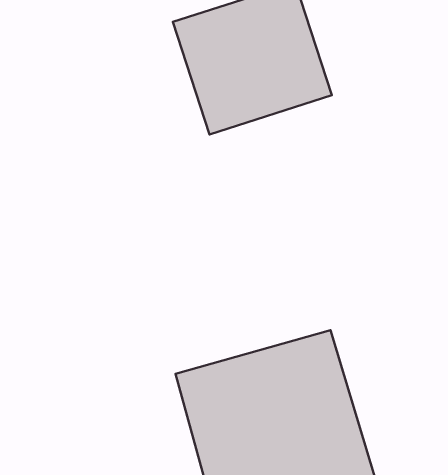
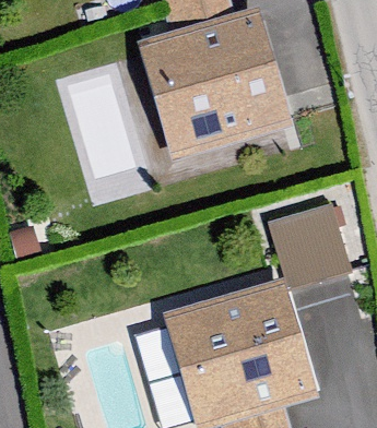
building: none -> [268,206,351,292]

